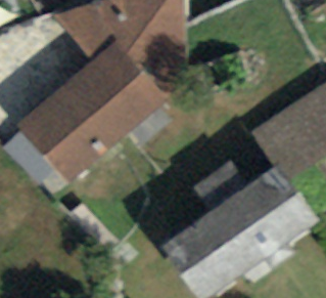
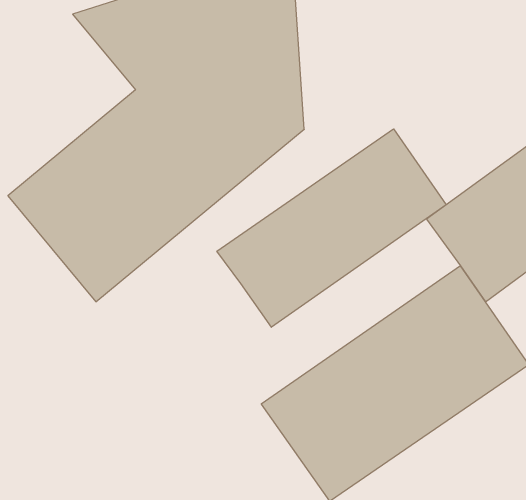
building: none -> [217,129,446,327]

